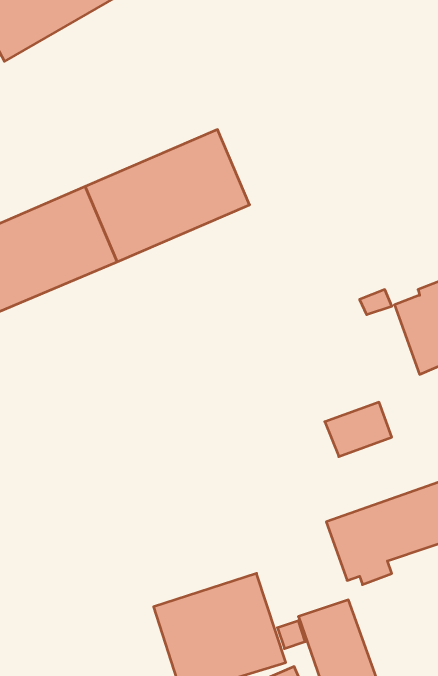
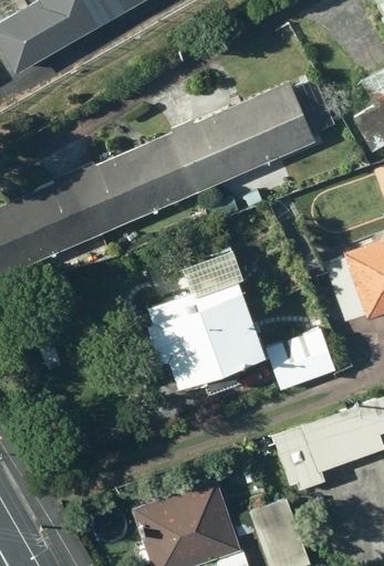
building: none -> [184,83,315,188]
building: none -> [146,264,264,387]

